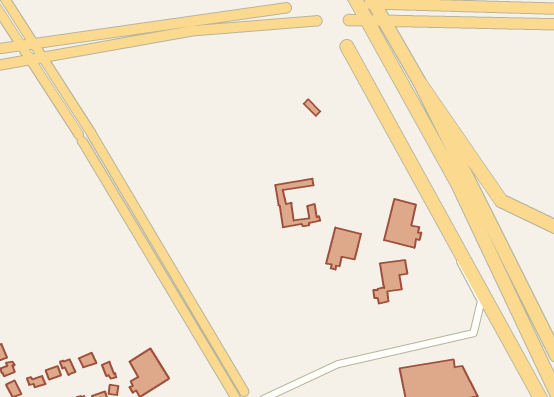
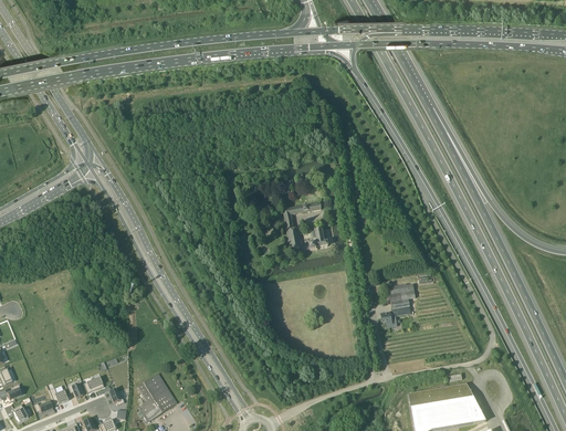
building: [384,199,421,248] -> none
building: [326,227,361,270] -> none

